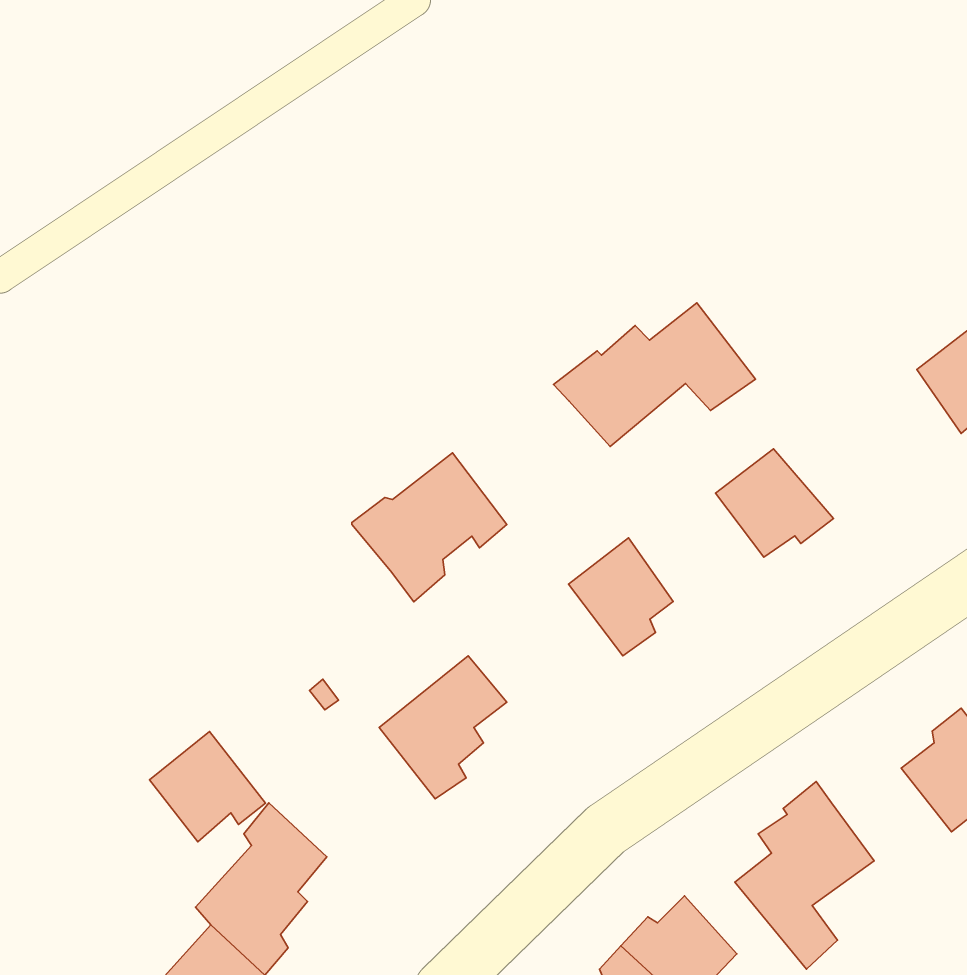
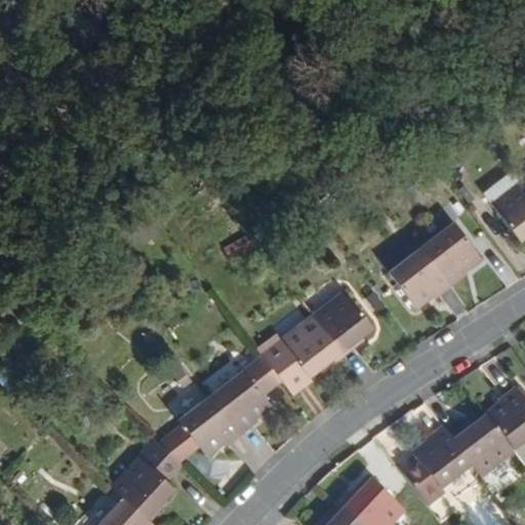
building: [554,303,755,447] -> none
building: none -> [421,219,479,282]
building: [352,453,507,602] -> [259,317,341,396]
building: [150,732,266,842] -> [180,393,242,451]
building: none -> [452,414,516,473]

